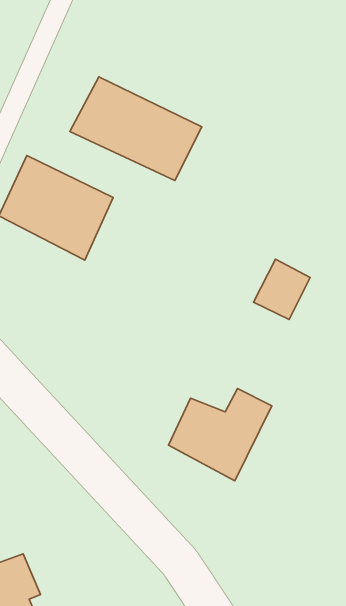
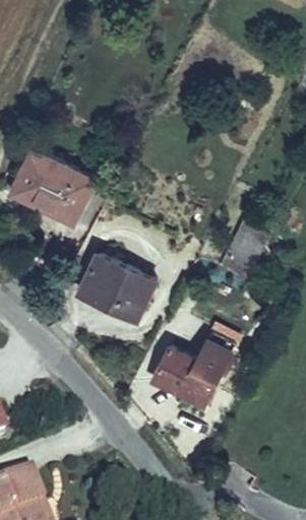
building: [70,77,202,180] -> none
building: none -> [71,248,162,326]

